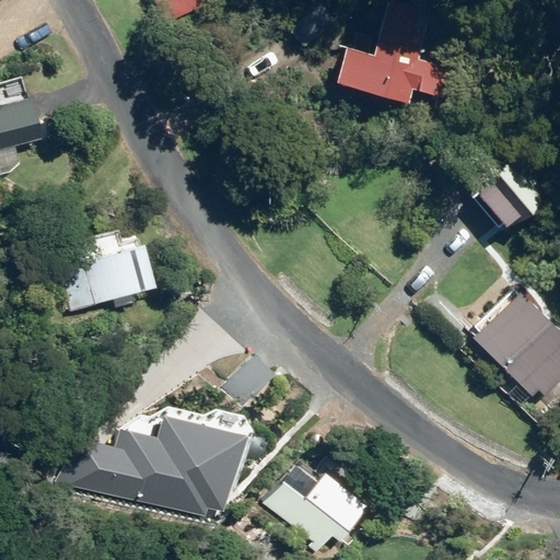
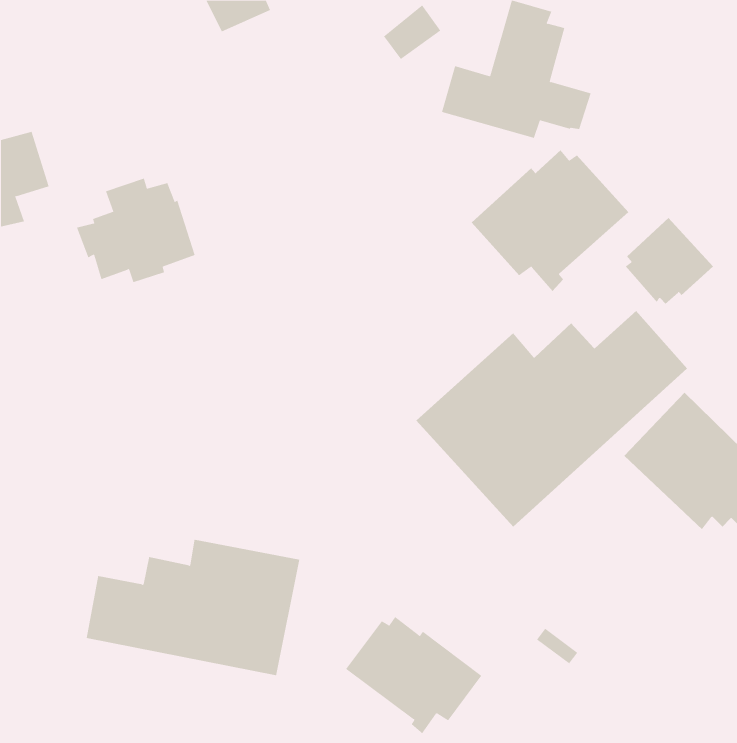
building: none -> [471,150,629,292]
building: [67,231,156,310] -> [76,178,195,283]
building: none -> [416,310,688,527]

